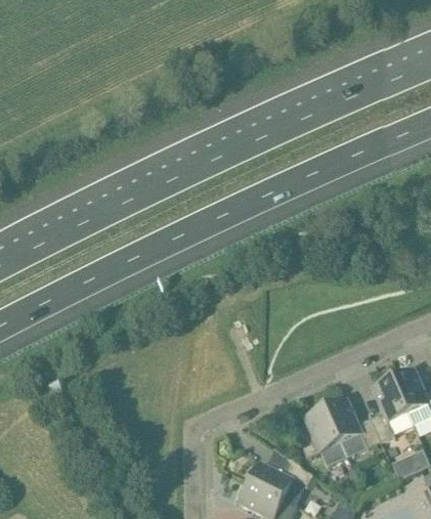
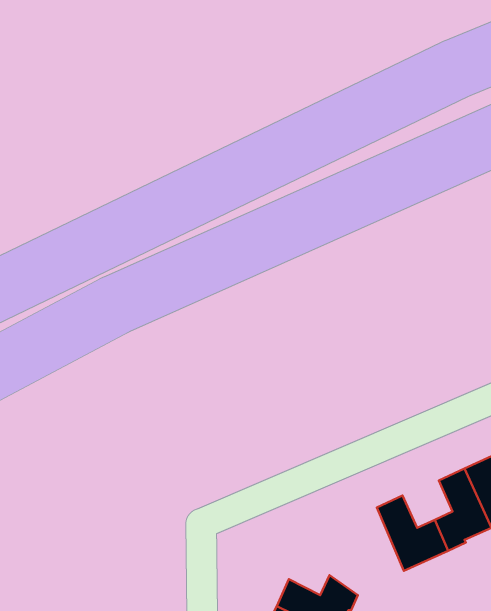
building: [301,409,345,466] -> none

